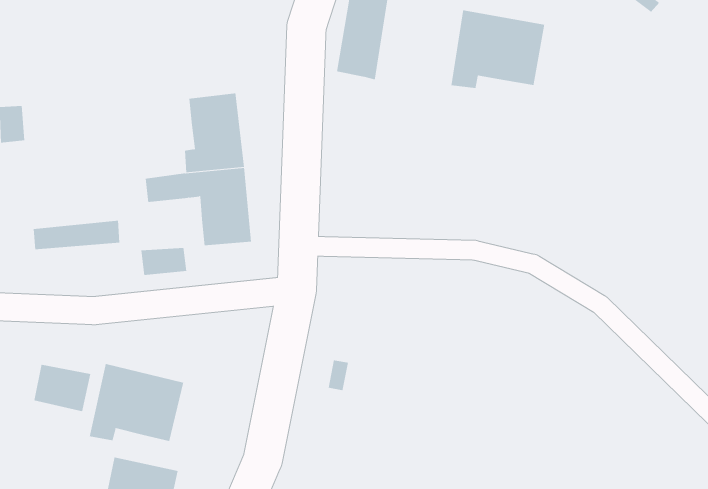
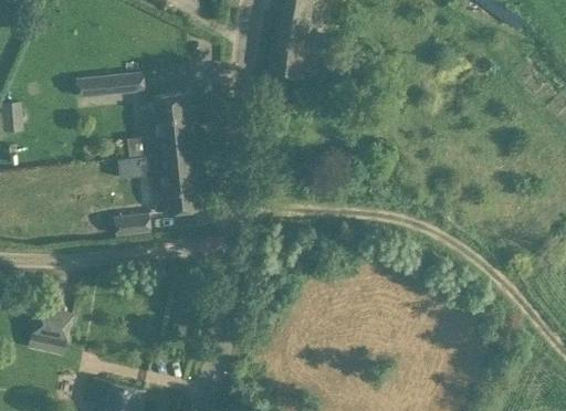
building: [451,10,545,89] -> none
building: [33,220,120,250] -> [76,74,145,97]
building: [89,363,184,442] -> none

